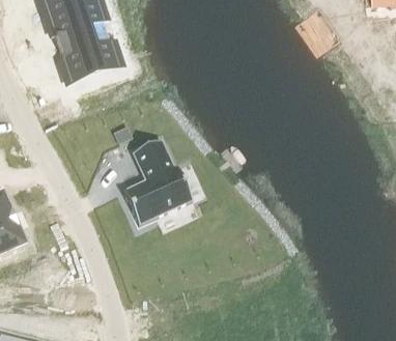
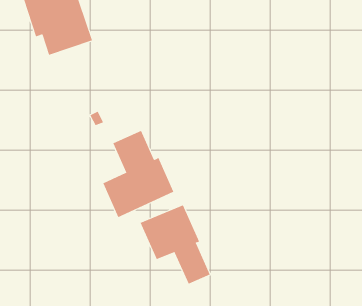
building: none -> [140,204,211,285]

